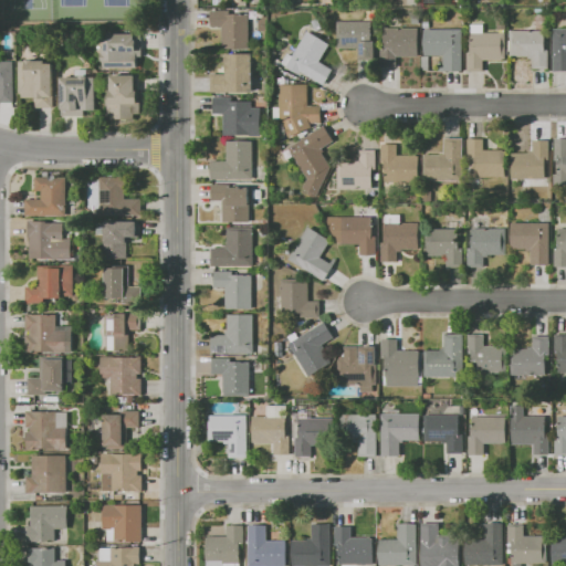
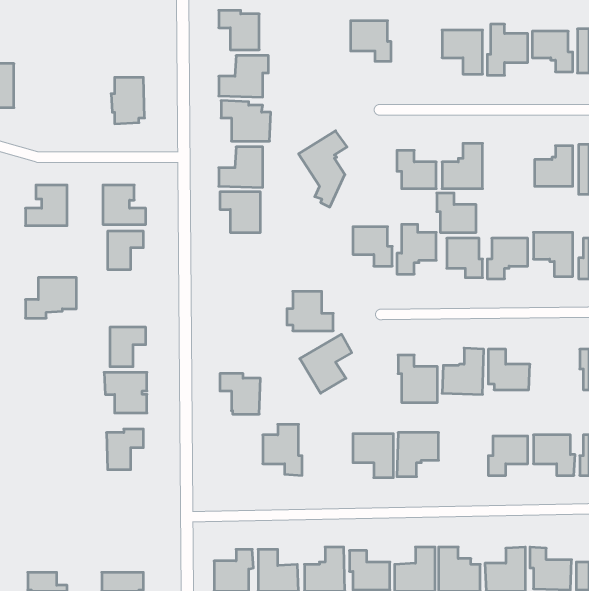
building: [379,27,417,66] -> none
building: [281,30,331,85] -> none
building: [101,33,135,67] -> none
building: [18,59,52,107] -> none
building: [60,75,93,115] -> none
building: [277,84,319,138] -> none
building: [465,138,503,176] -> [437,193,476,232]
building: [336,149,375,188] -> none
building: [27,220,71,258] -> none
building: [209,227,252,266] -> none
building: [286,227,332,281] -> none
building: [104,268,140,304] -> none
building: [212,271,251,308] -> none
building: [24,314,71,352] -> none
building: [210,314,253,354] -> none
building: [512,335,548,376] -> none
building: [336,346,375,391] -> none
building: [27,356,63,396] -> none
building: [24,409,66,450] -> none
building: [422,413,461,452] -> none
building: [207,415,245,457] -> none
building: [291,416,333,457] -> none
building: [99,452,140,492] -> none
building: [25,454,65,492] -> none
building: [102,504,140,542] -> none
building: [24,505,66,542] -> none

